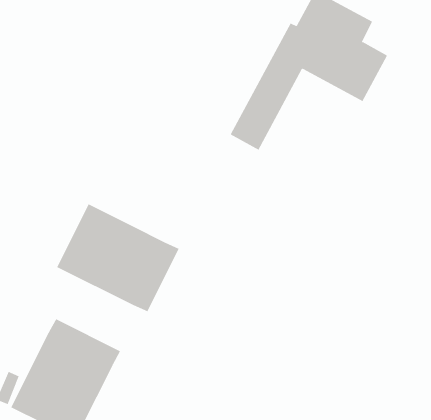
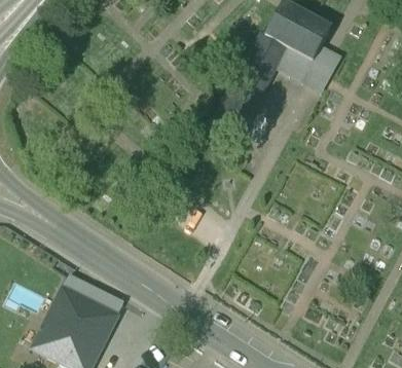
building: [57,204,179,312] -> none

